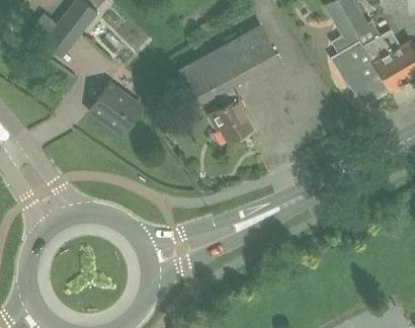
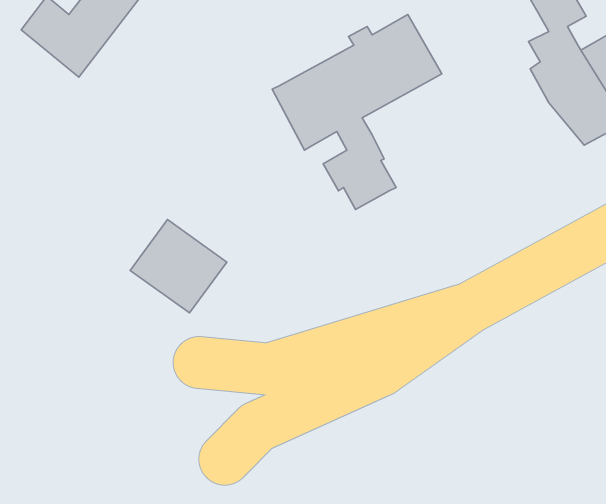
building: [87,82,145,138] -> [130,220,227,313]

